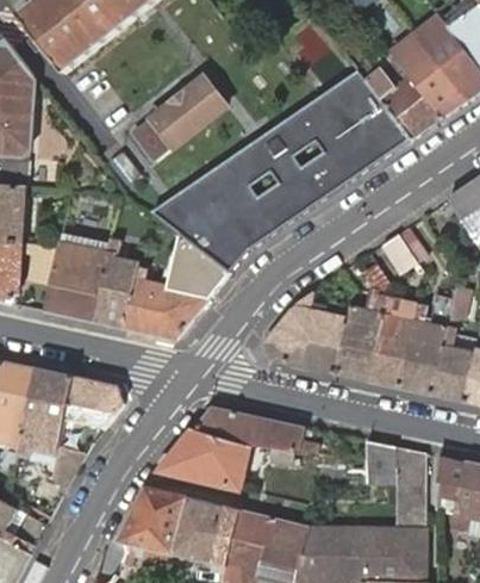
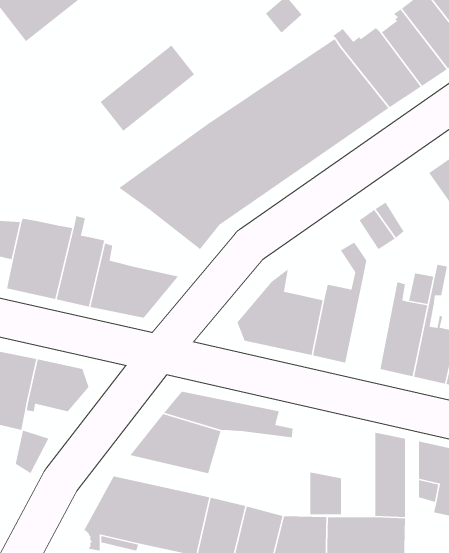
building: [167,234,230,297] -> none
building: [369,294,418,386] -> none
building: [366,440,397,482] -> [309,471,342,515]

